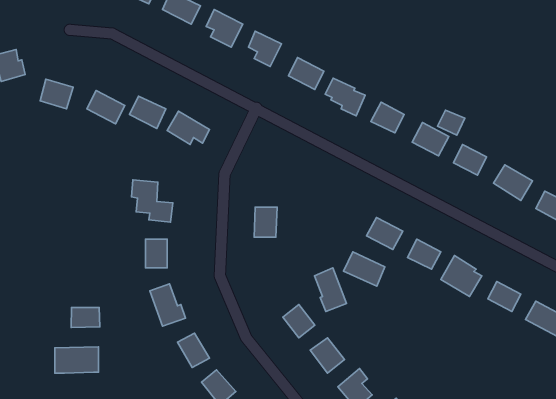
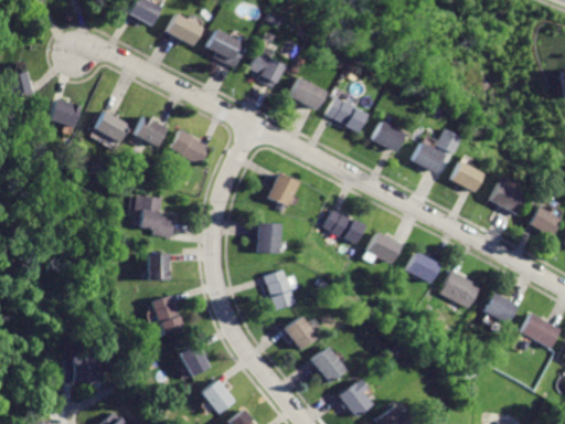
building: none -> [267,172,297,205]
building: [344,252,385,286] -> [322,210,362,243]
building: [315,268,347,311] -> [265,267,296,309]
building: [71,307,100,328] -> none

